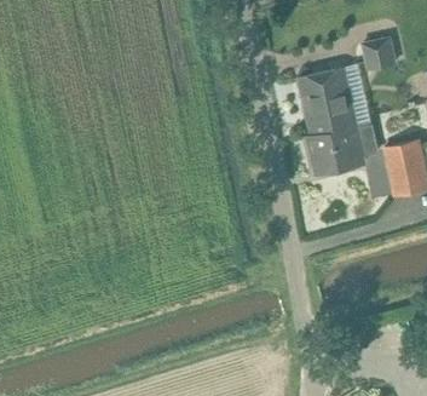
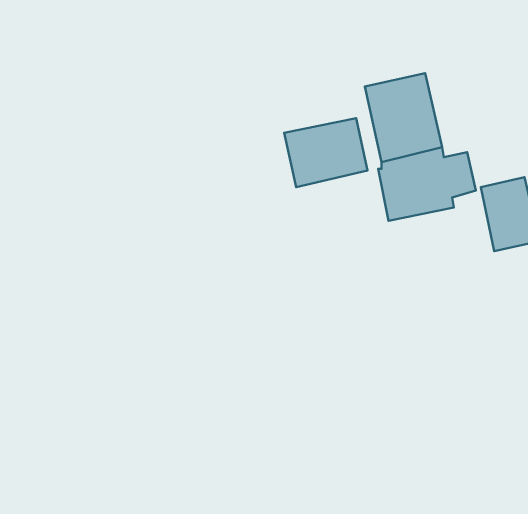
building: [360,35,397,69] -> none
building: none -> [284,118,367,187]

